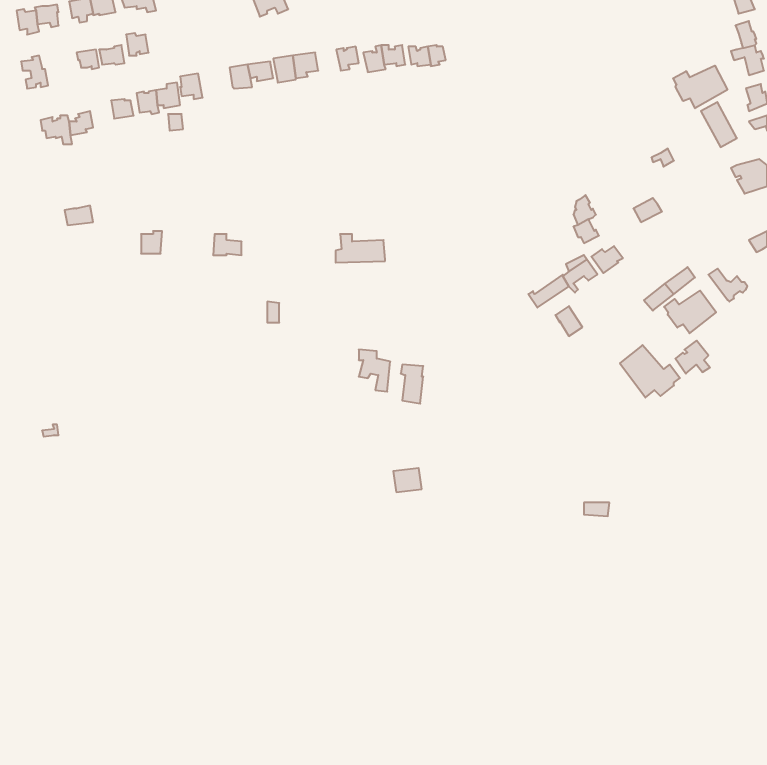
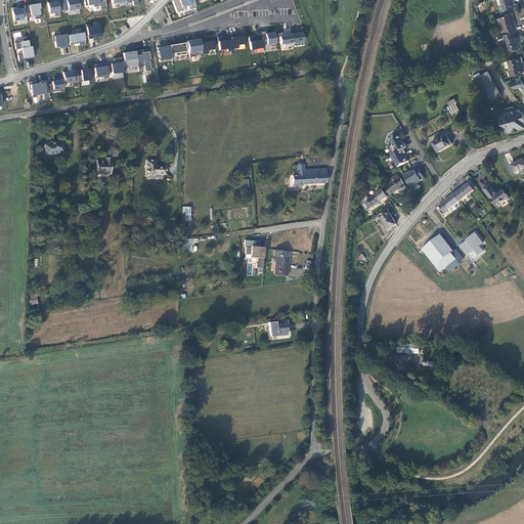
building: [673,66,727,108] -> none
building: [336,234,385,263] -> [293,164,326,183]
building: [664,291,716,333] -> none

